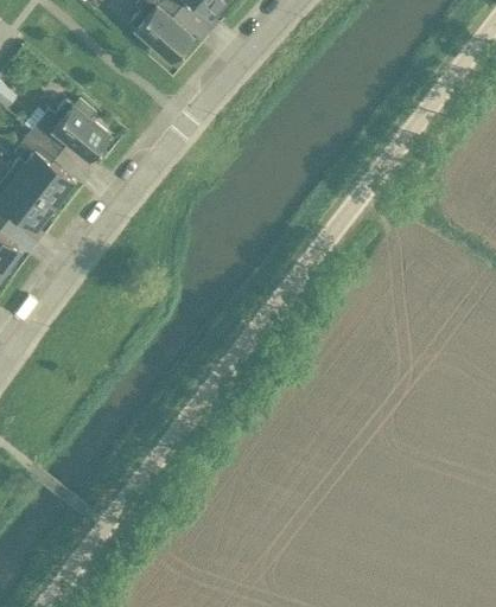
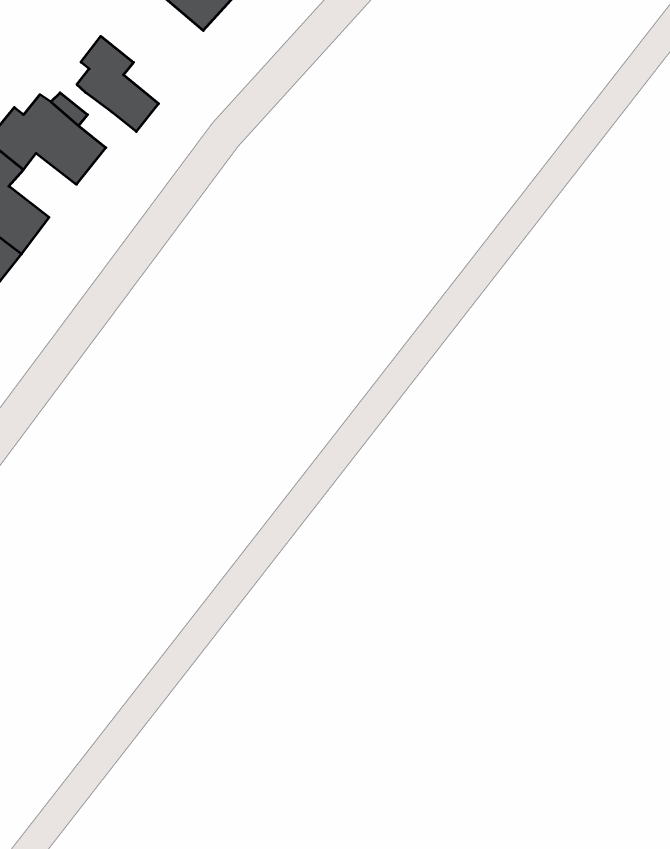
building: none -> [77,36,159,132]

